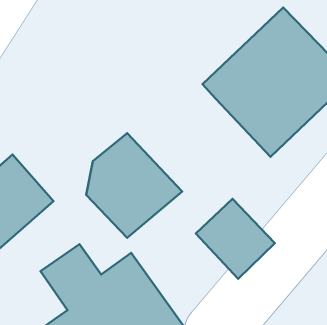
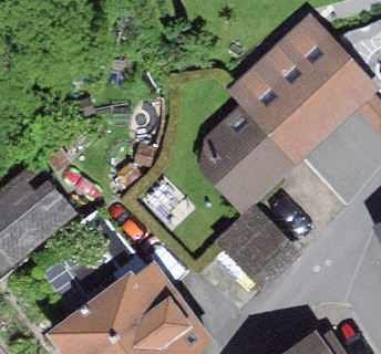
building: [86,133,182,238] -> [199,105,298,212]

